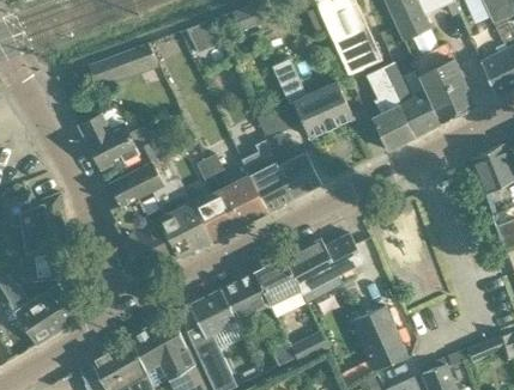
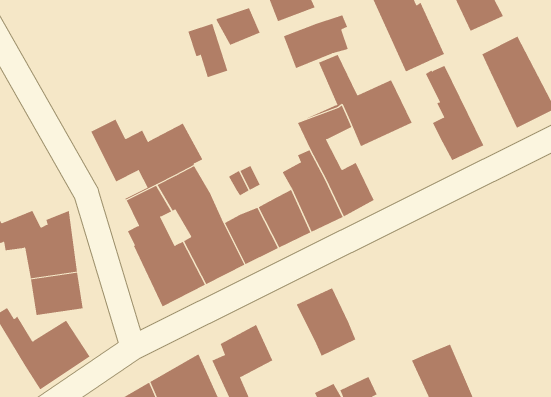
building: none -> [283,15,348,69]
building: [90,44,156,84] -> none
building: [381,63,441,138] -> none
building: [285,233,363,292] -> none
building: [220,273,276,321] -> none

